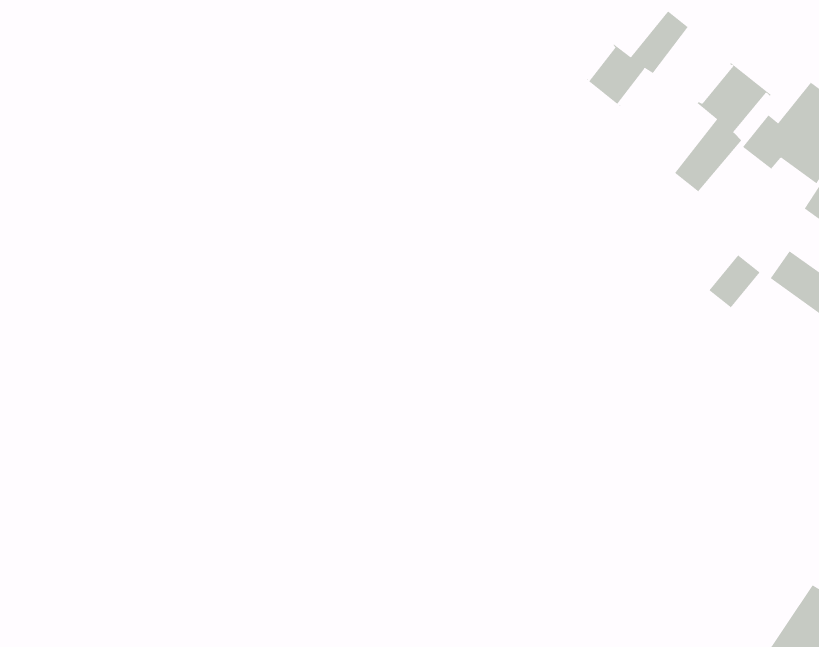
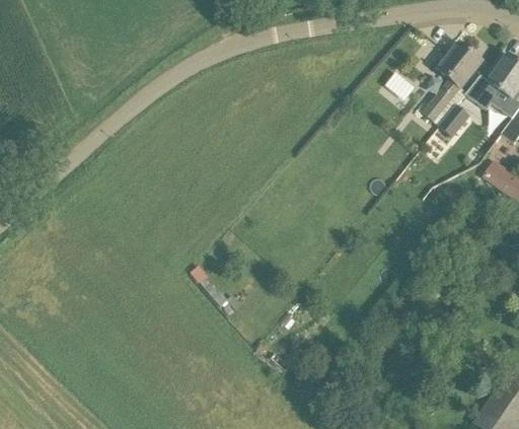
building: [586,11,689,107] -> none
building: [709,255,760,308] -> [438,104,470,138]

